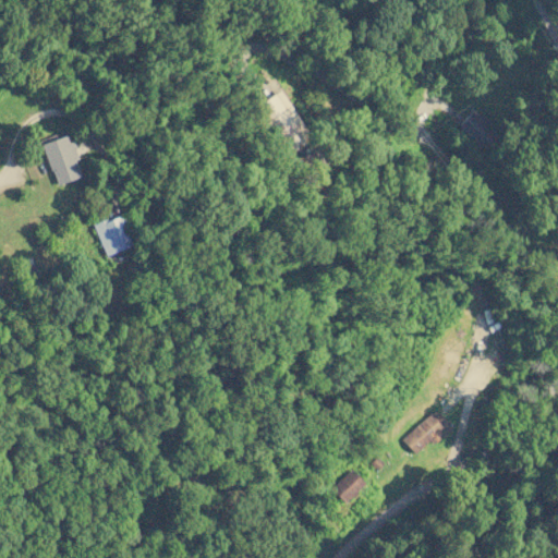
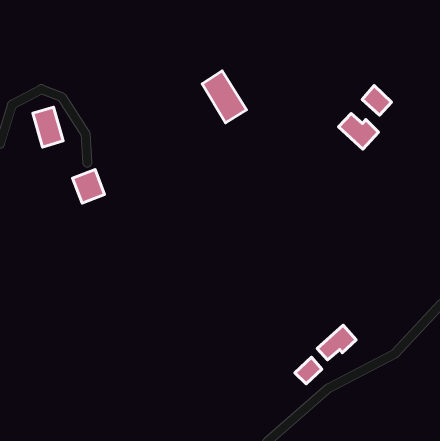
building: none -> [339,114,379,149]
building: [331,470,365,504] -> [295,357,322,384]

